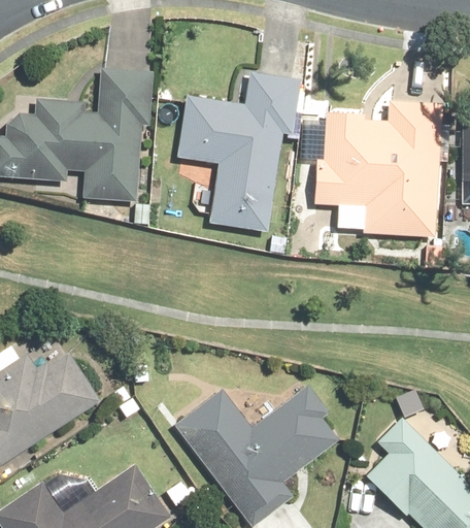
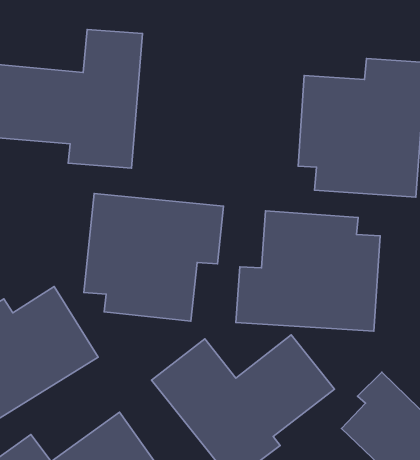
building: [175,72,300,231] -> none
building: none -> [84,194,223,321]
building: none -> [236,211,380,331]

